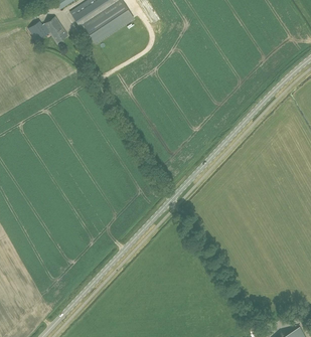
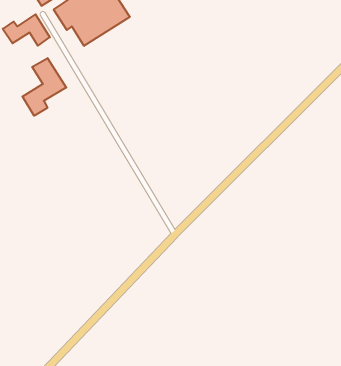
building: none -> [22,58,66,116]

